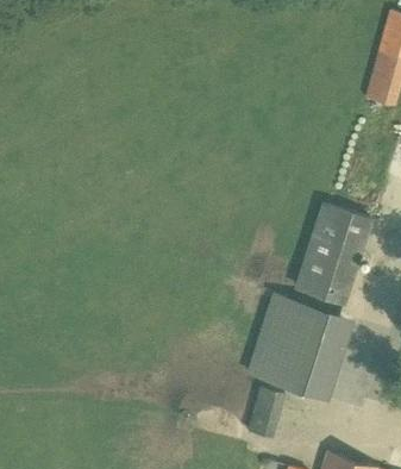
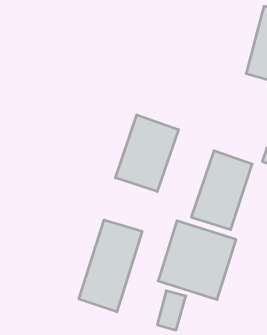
building: none -> [115,115,179,192]
building: none -> [79,220,142,312]

